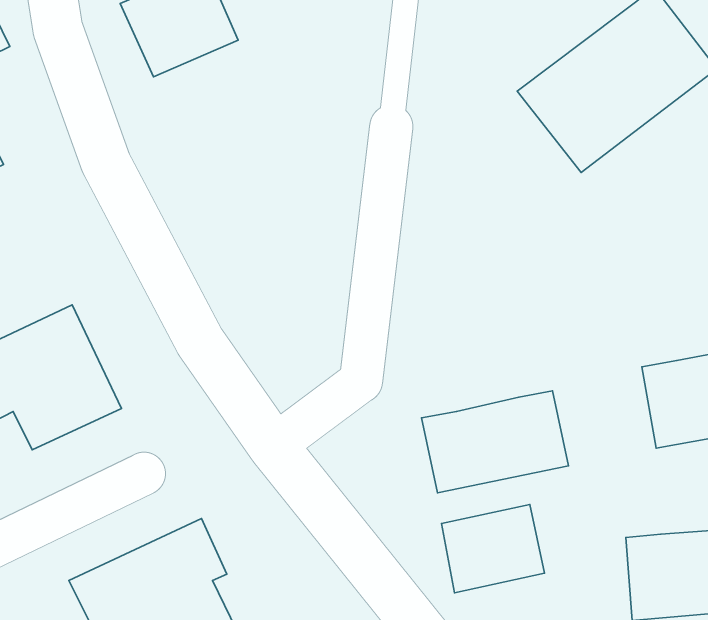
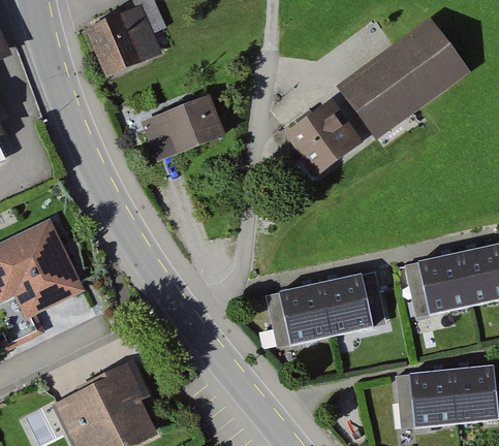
building: none -> [141,97,221,160]
building: none -> [286,103,361,177]
building: [441,505,545,593] -> none

